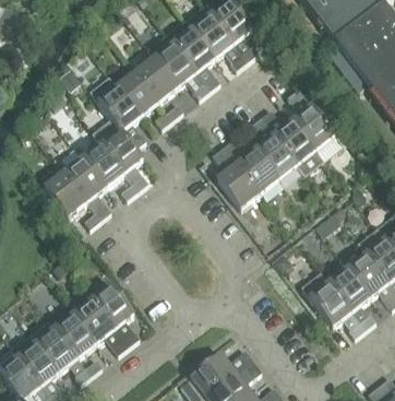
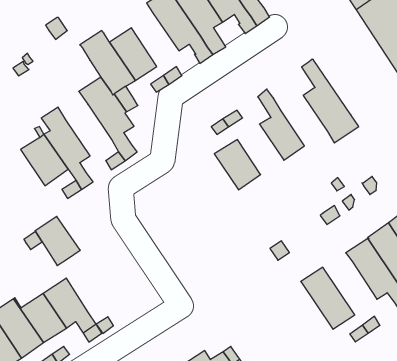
building: [135,57,179,104] -> none
building: [260,108,324,175] -> none
building: [83,142,125,188] -> none
building: [237,149,279,193] -> none
building: [328,266,371,312] -> none
building: [94,284,135,328] -> [35,216,80,266]

